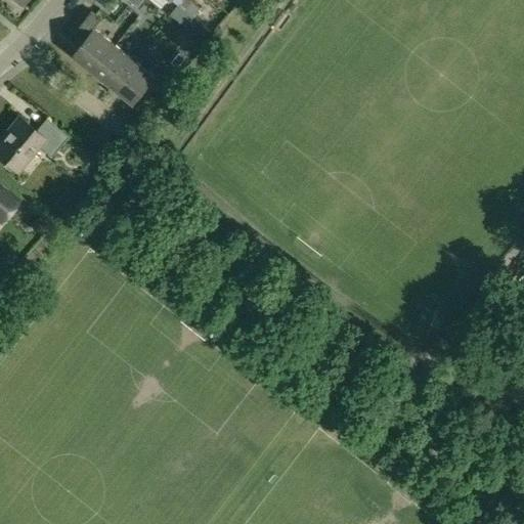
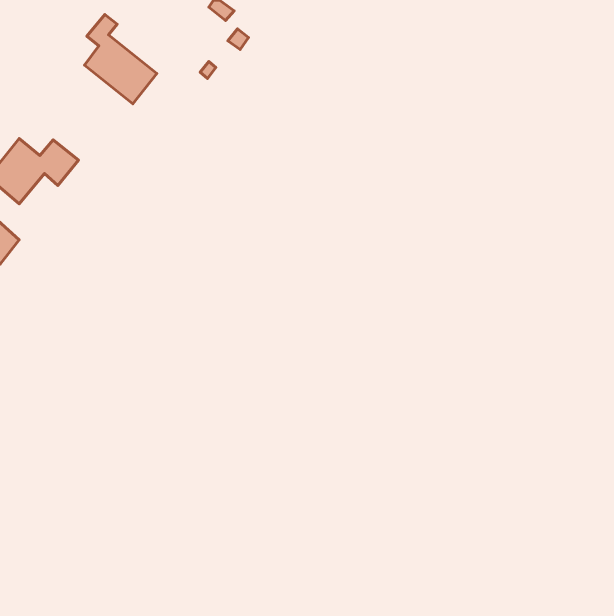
building: [113,62,171,104] -> none

